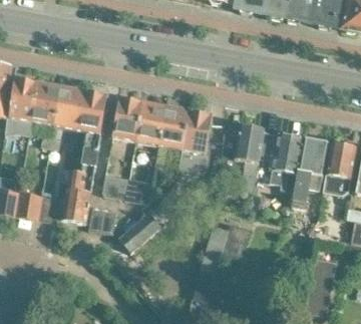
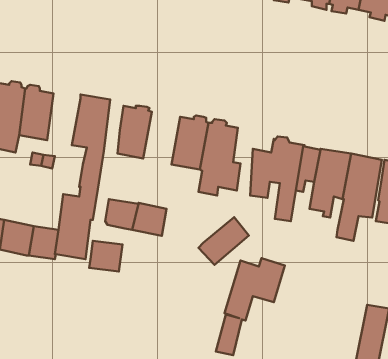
building: [55,86,82,130] -> none
building: [133,101,163,146] -> none
building: [118,214,159,253] -> [198,217,249,265]

